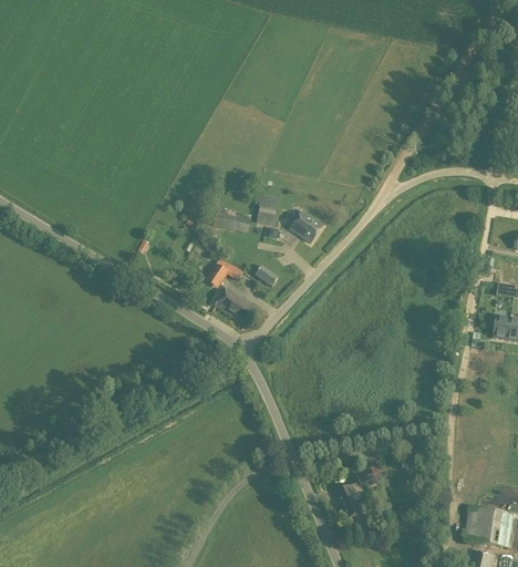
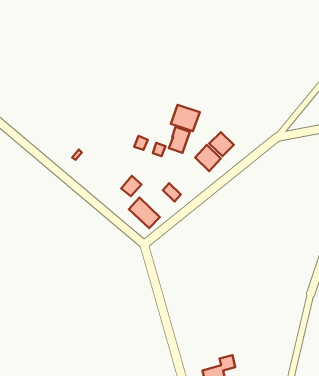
building: none -> [171,105,200,131]
building: none -> [209,132,234,156]

